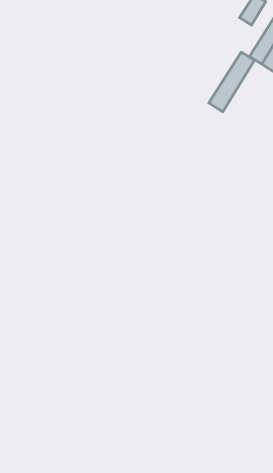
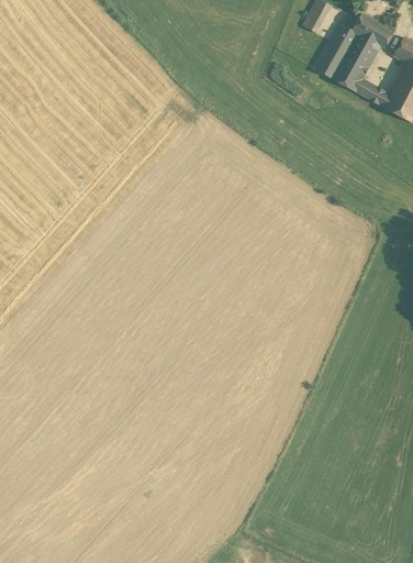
building: [209,52,255,112] -> none

